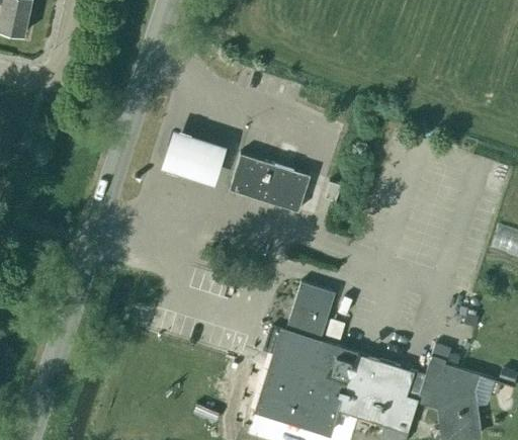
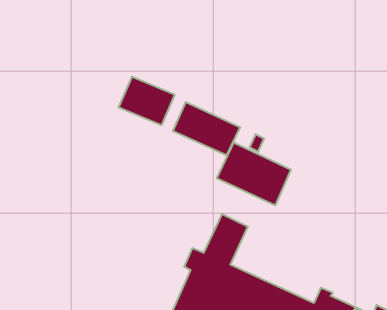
building: none -> [217,142,291,205]

